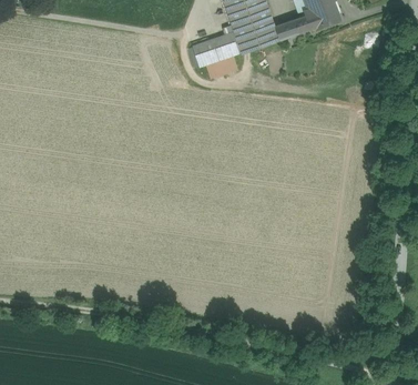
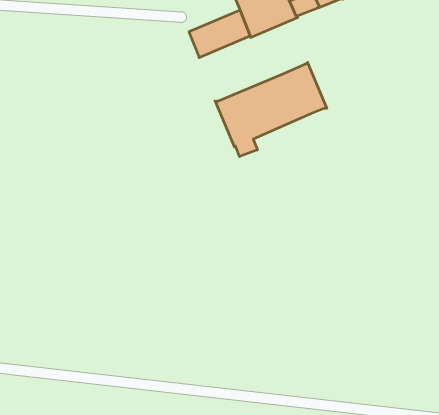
building: none -> [215,62,327,157]

